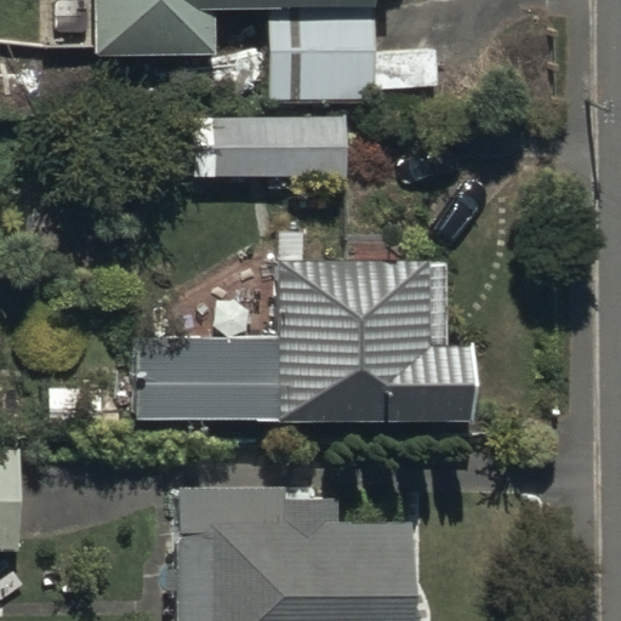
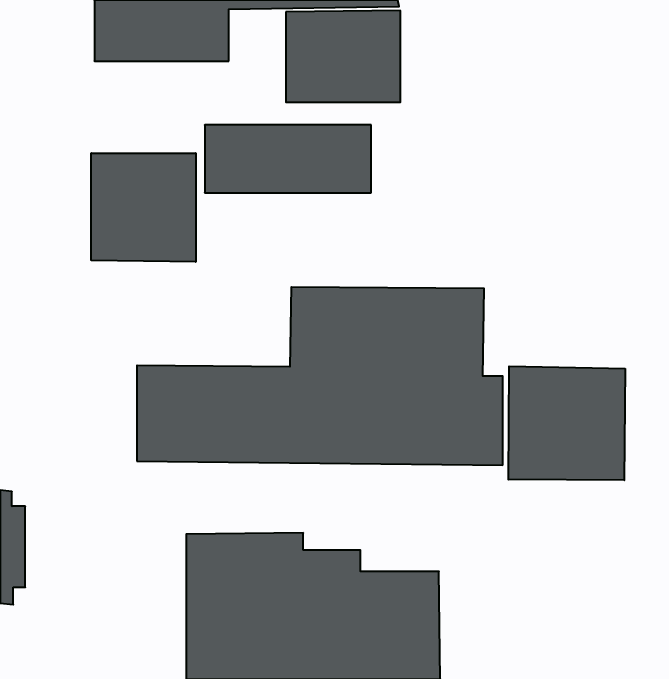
building: none -> [91,153,196,262]
building: none -> [508,366,625,480]

